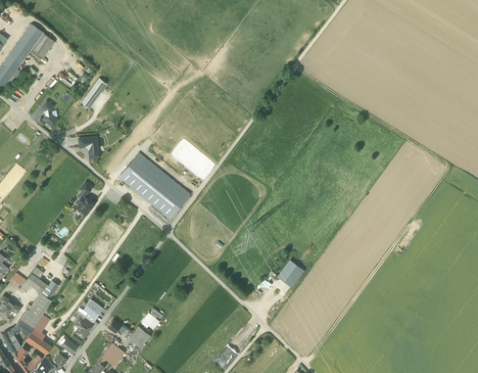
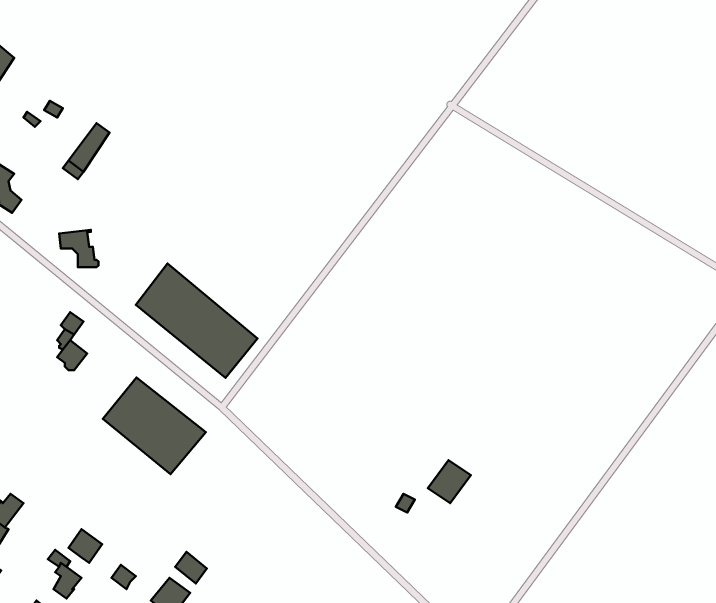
building: none -> [103,378,206,474]

